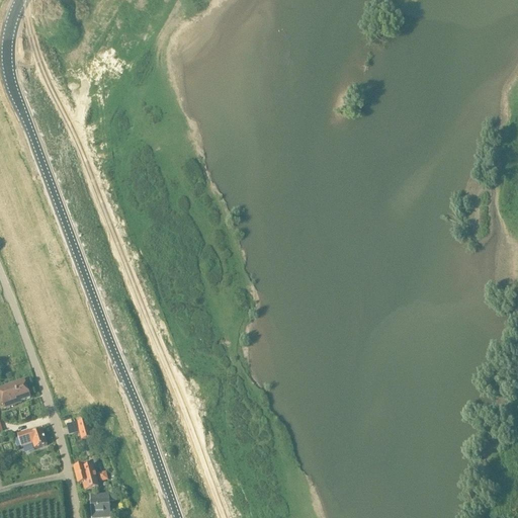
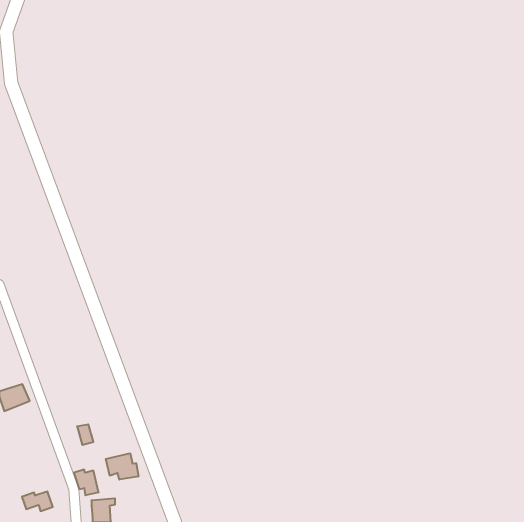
building: [16,428,47,447] -> [22,492,53,511]
building: none -> [106,453,139,480]

